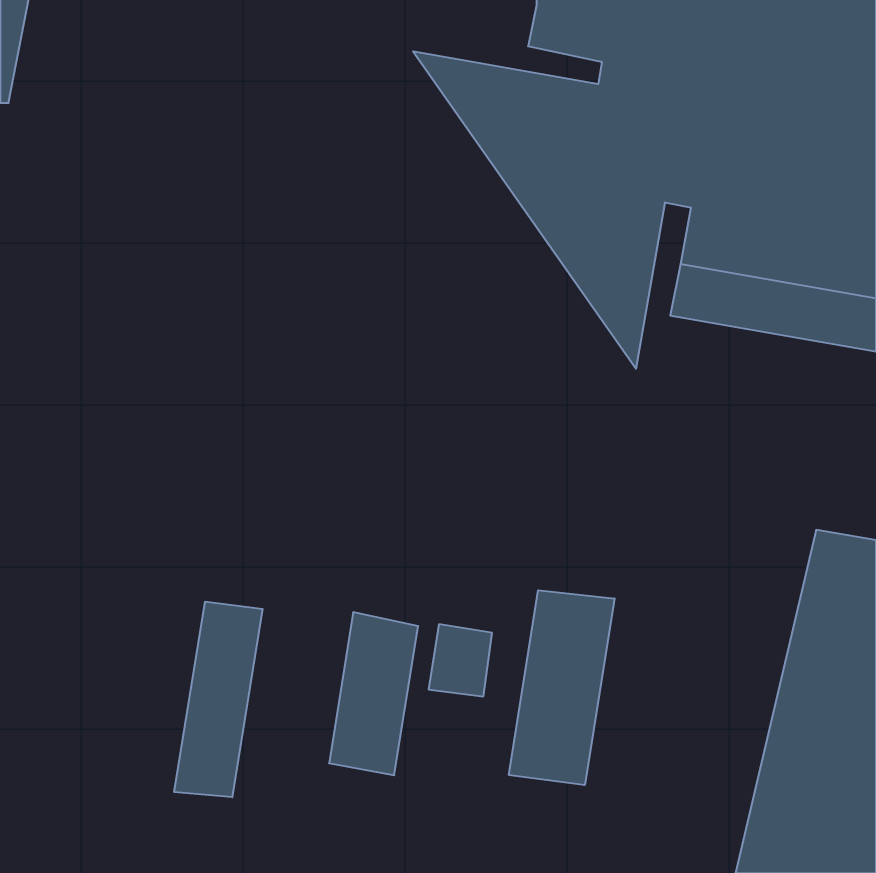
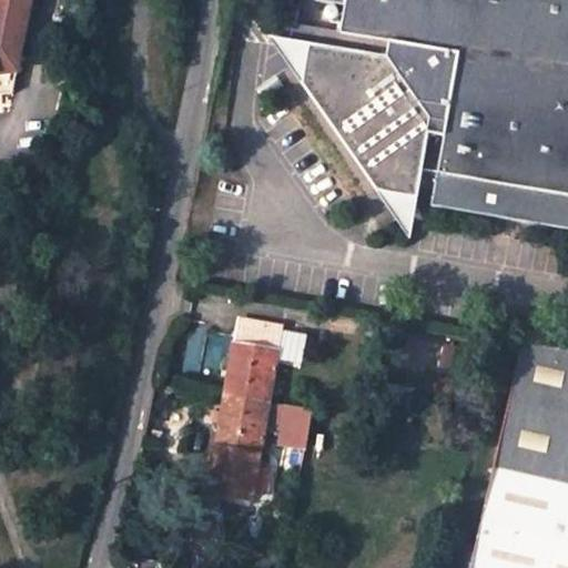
building: none -> [229,316,284,405]
building: [509,590,615,785] -> none
building: [174,602,263,797] -> none

